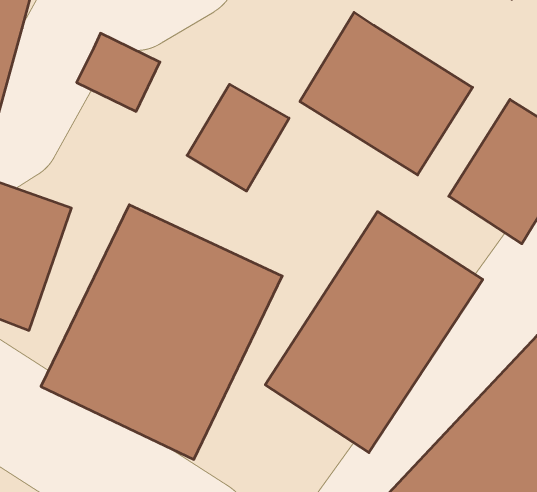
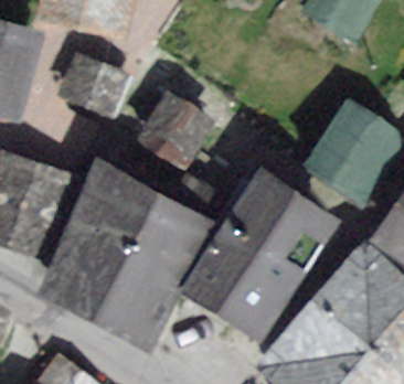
building: [300,12,473,175] -> none

